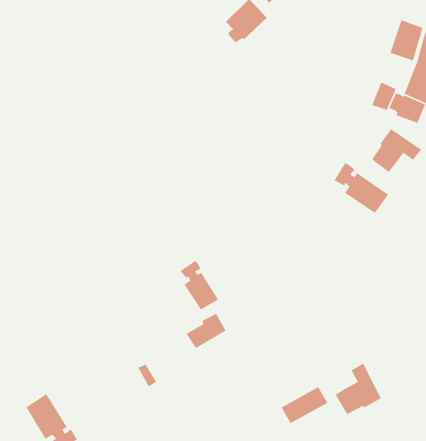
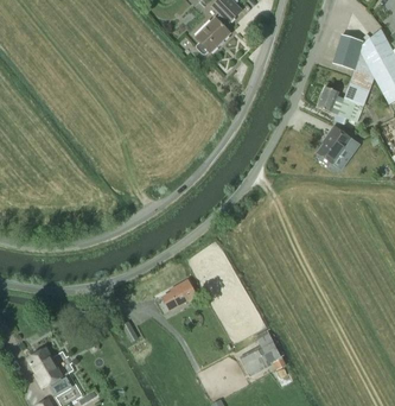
building: [333,162,389,214] -> none
building: [180,260,219,311] -> none
building: [334,363,382,415] -> none

